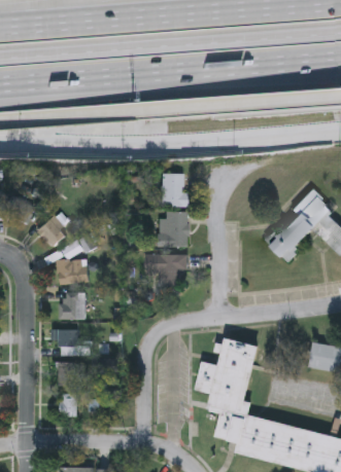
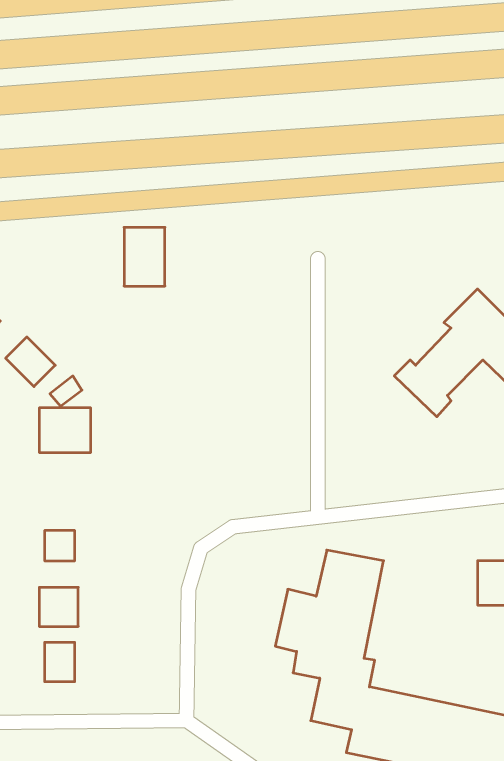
building: [162,172,185,206] -> [124,227,165,286]
building: [160,210,187,246] -> none
building: [144,254,186,286] -> none
building: [60,292,86,320] -> none

